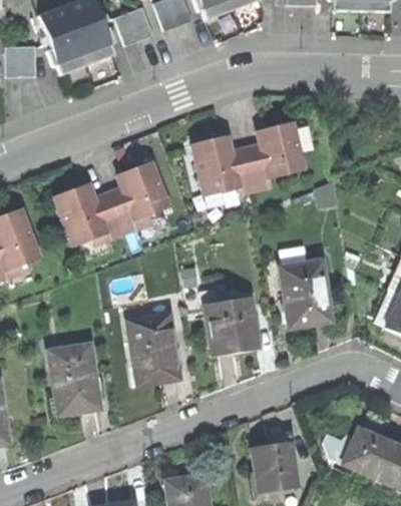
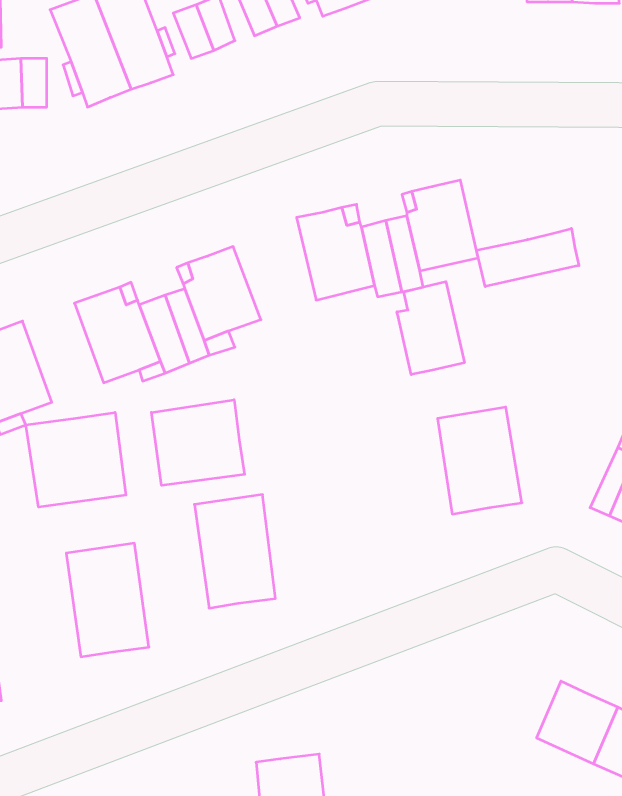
building: none -> [476,228,579,287]
building: none -> [397,282,464,375]
building: none -> [151,400,245,485]
building: none -> [26,412,126,507]
building: [206,298,259,354] -> none
building: [251,441,298,491] -> none

